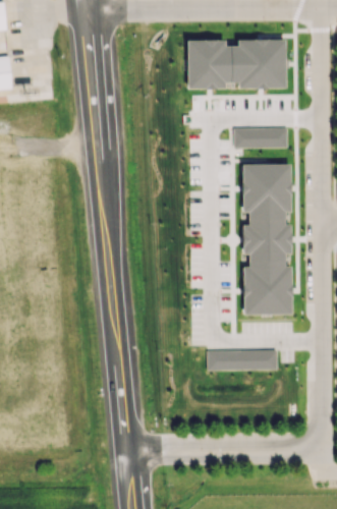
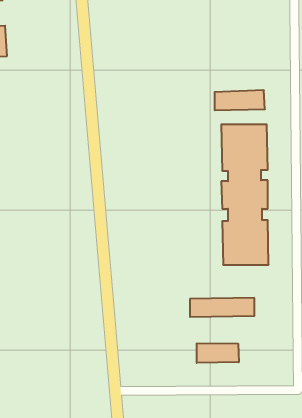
building: [187,40,287,90] -> none
building: none -> [197,343,239,363]

